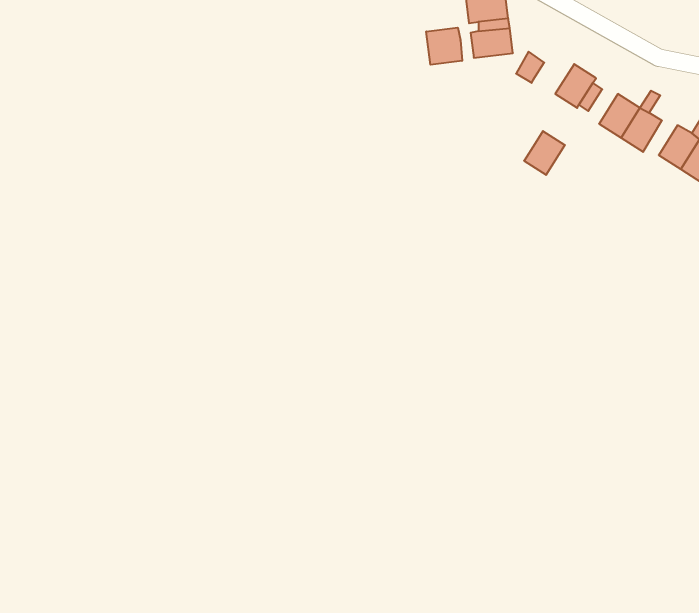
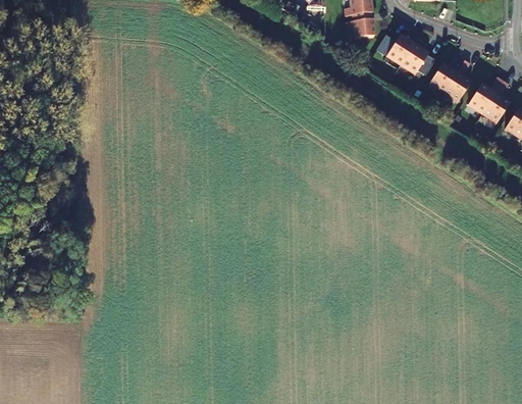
building: [426,28,462,65] -> none
building: [524,131,565,175] -> [388,34,415,62]

